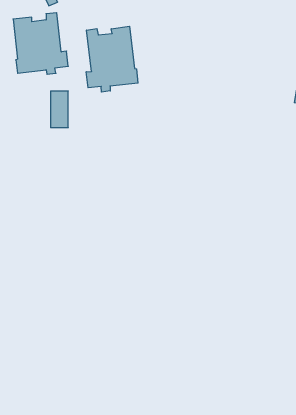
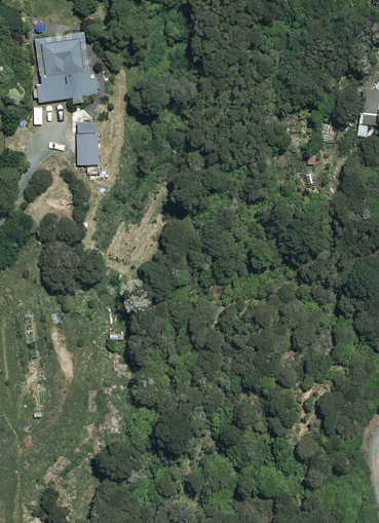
building: [86,26,138,92] -> none

